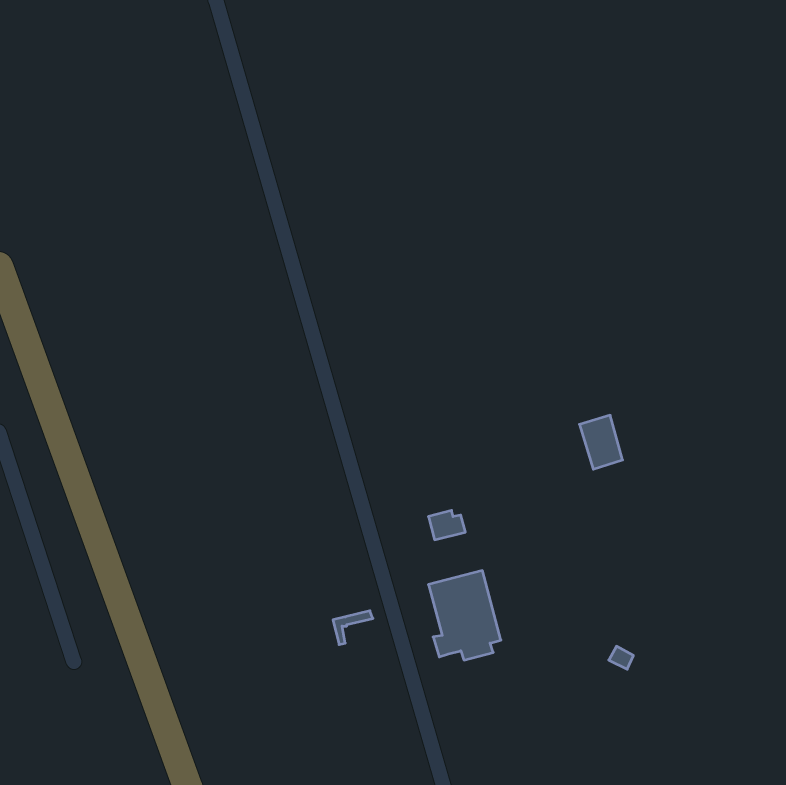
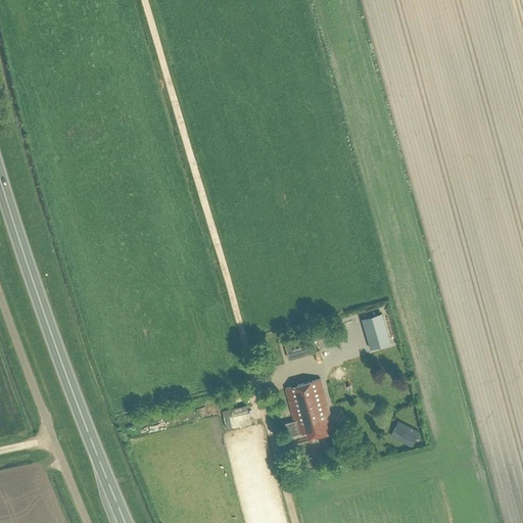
building: [579,415,623,469] -> [361,315,389,350]

